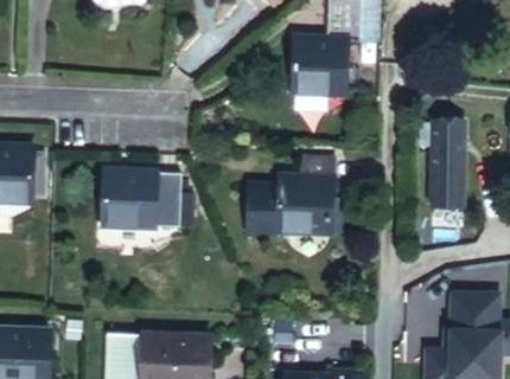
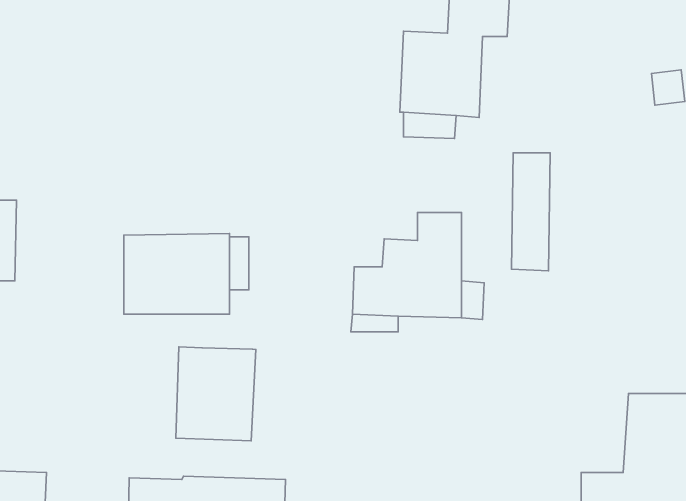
building: [423,128,450,207] -> [511,153,550,271]
building: none -> [176,347,256,441]

